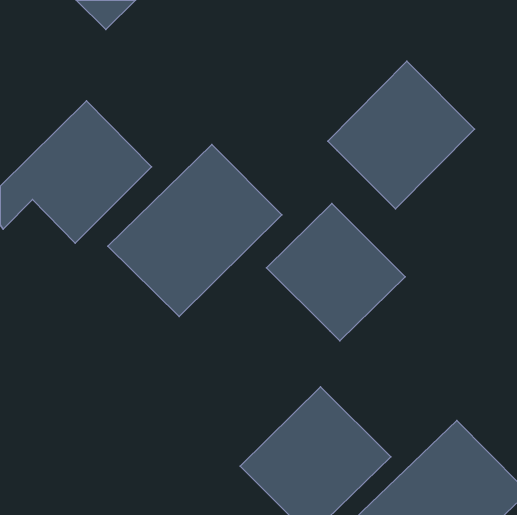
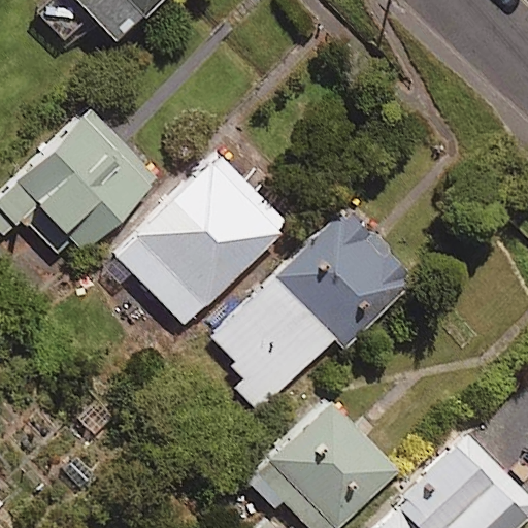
building: [328,61,475,209] -> none
building: none -> [207,276,337,418]

